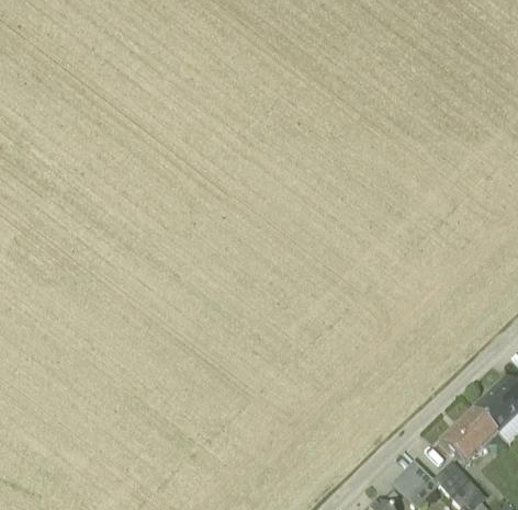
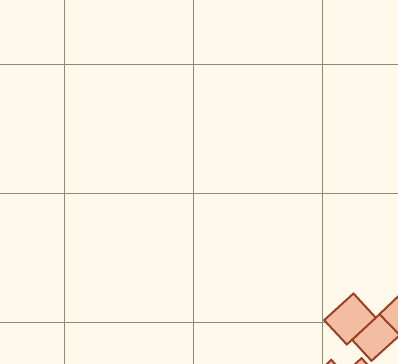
building: none -> [324,293,376,344]

